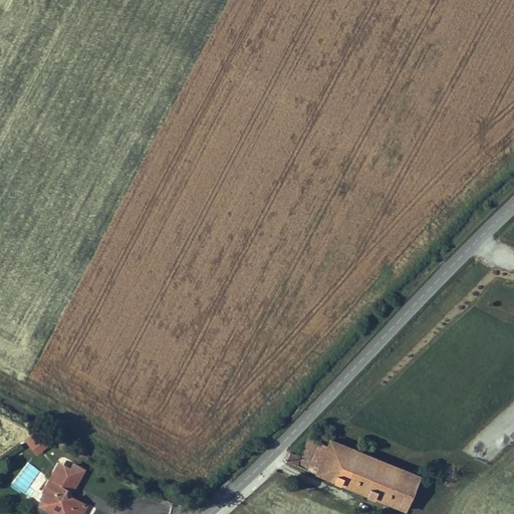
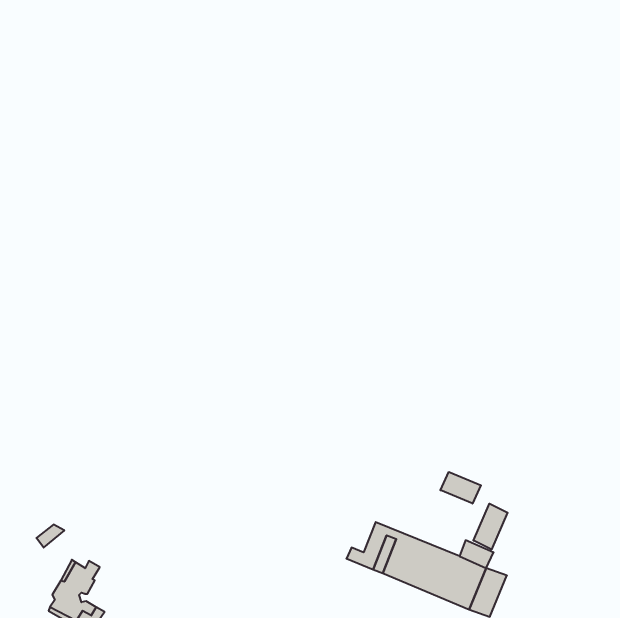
building: none -> [440,472,481,504]
building: none -> [473,504,508,550]

